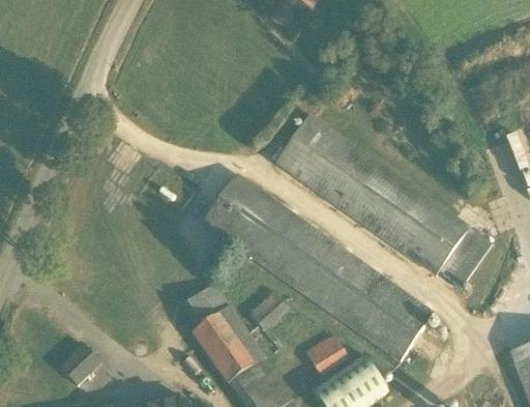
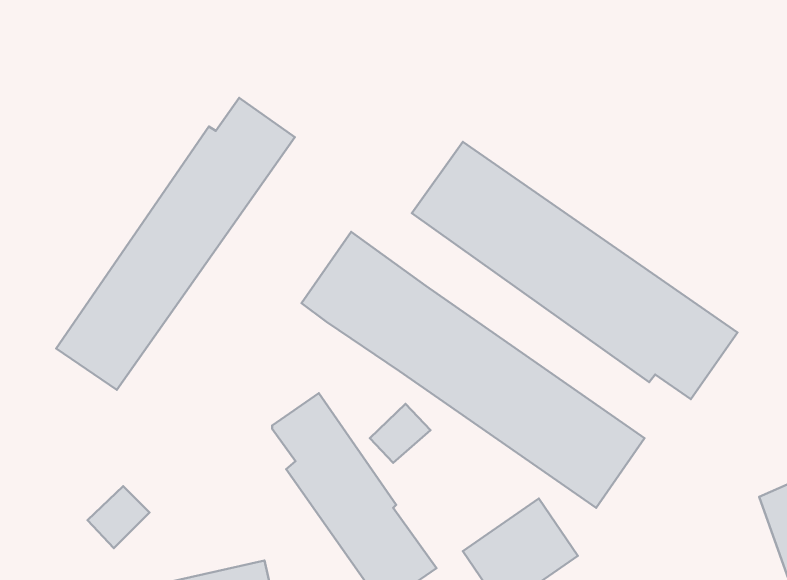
building: none -> [56,98,295,390]
building: [307,333,349,373] -> none

